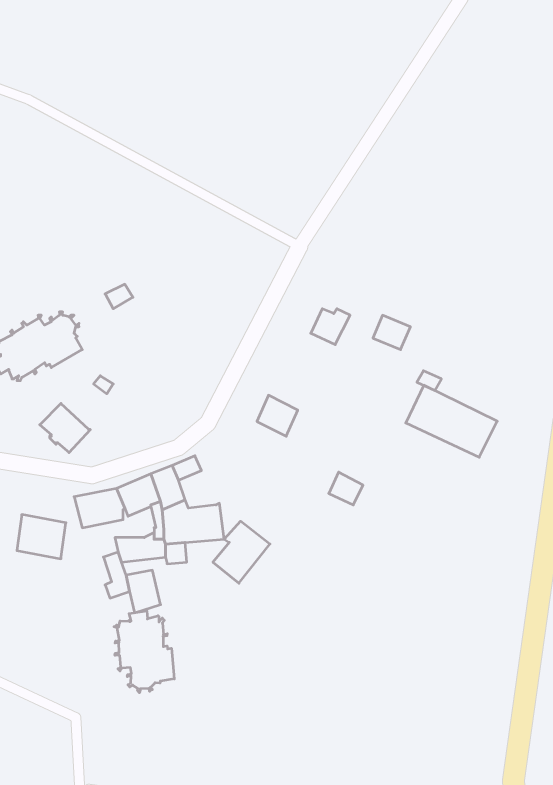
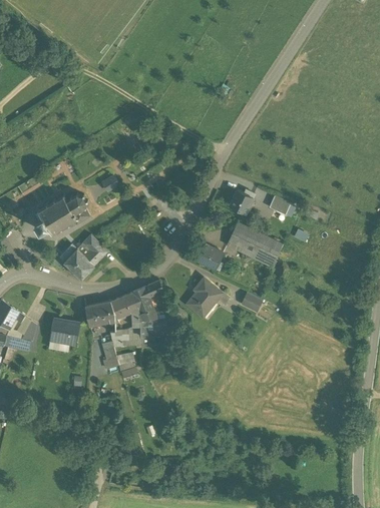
building: none -> [76,234,107,266]
building: [406,385,497,457] -> [226,222,282,267]
building: [213,521,270,583] -> [186,279,222,317]
building: [114,611,174,693] -> none

